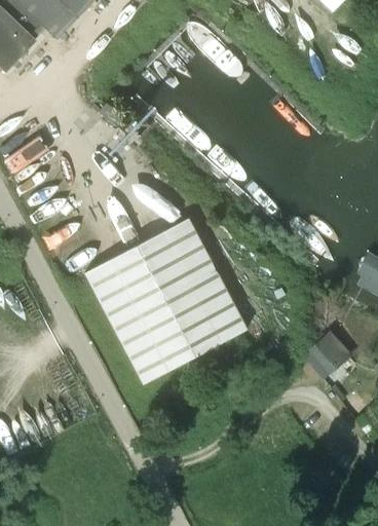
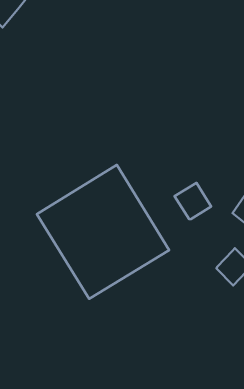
building: none -> [174,183,211,219]

